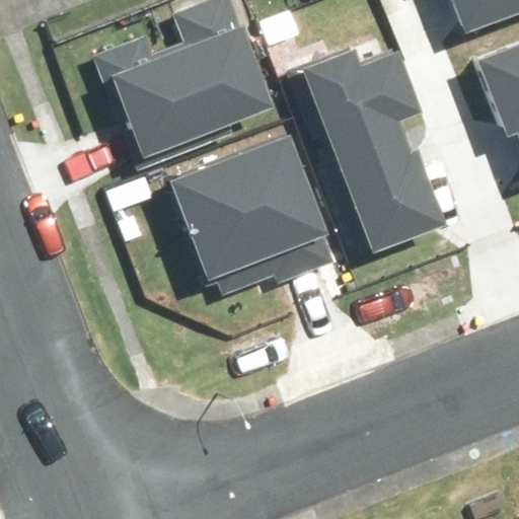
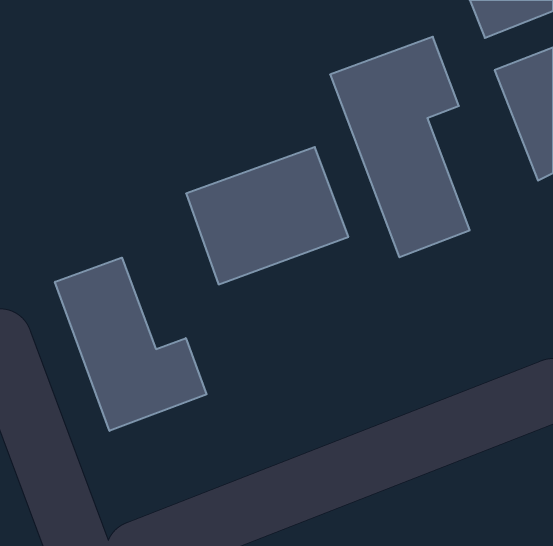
building: [110,23,263,152] -> none
building: none -> [55,258,207,431]

